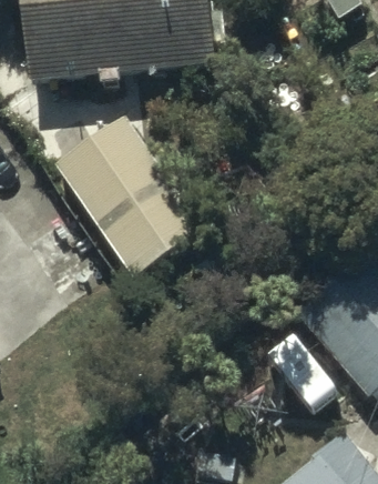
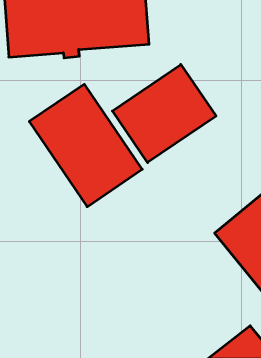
building: none -> [112,64,216,163]

